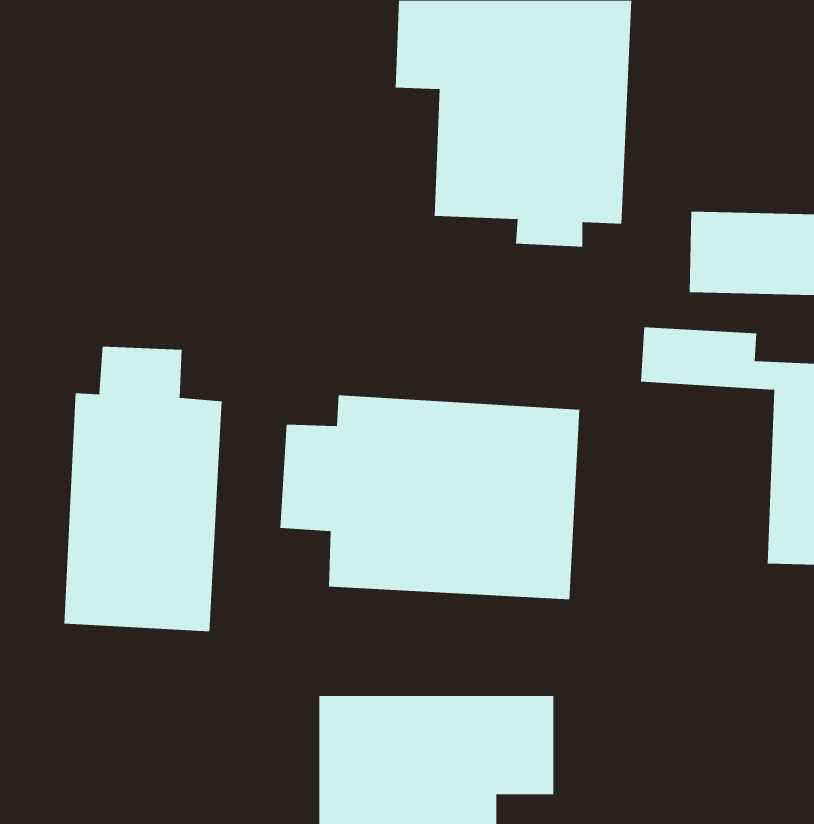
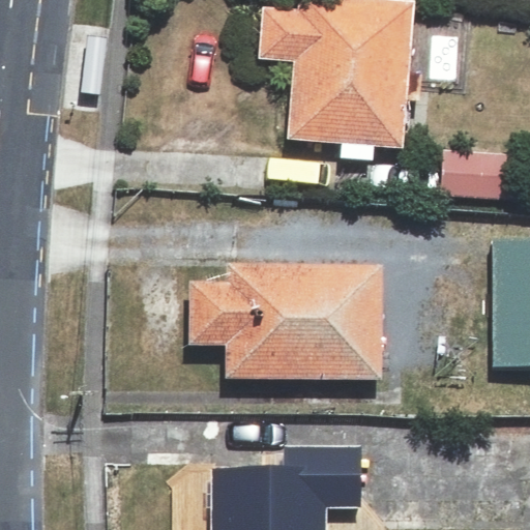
building: [64,346,222,632] -> none

